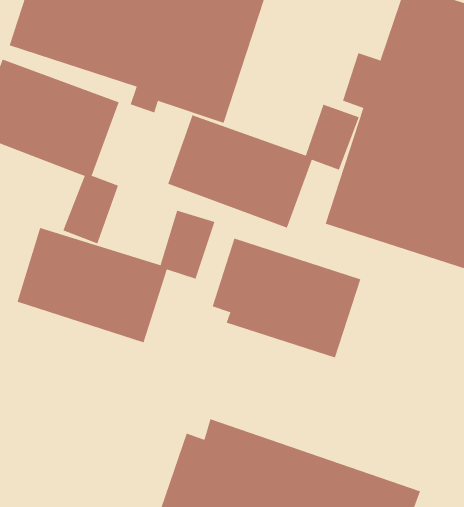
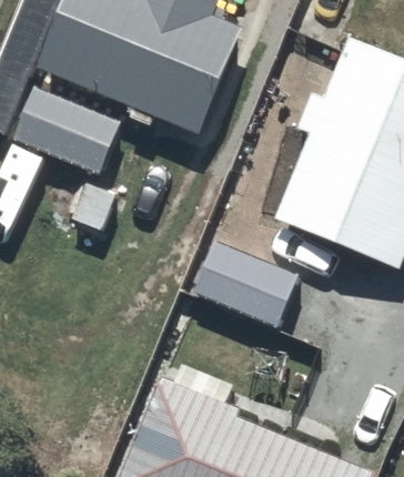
building: [167,104,360,228] -> none
building: [17,210,215,343] -> none

